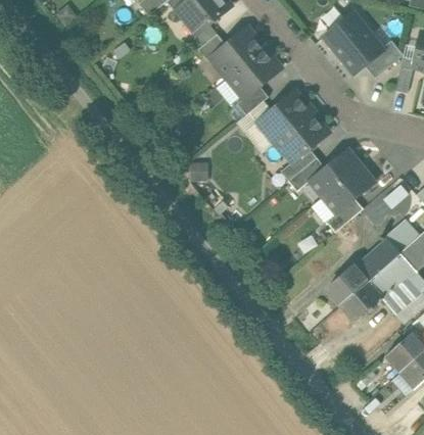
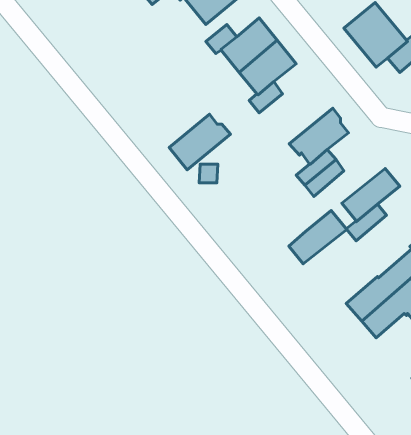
building: [257,93,314,144] -> [169,114,231,170]
building: [309,149,362,198] -> [289,210,347,264]

